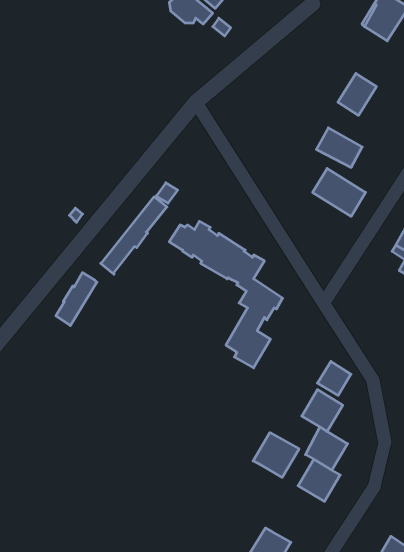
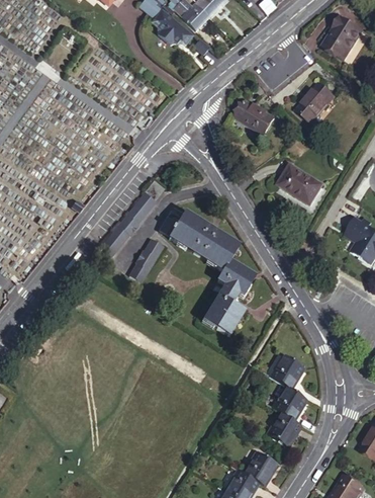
building: [316,128,362,167] -> [235,101,273,135]
building: [56,273,97,326] -> [128,236,163,280]
building: [317,361,351,395] -> none
building: [253,433,299,477] -> none
building: none -> [244,448,278,484]

